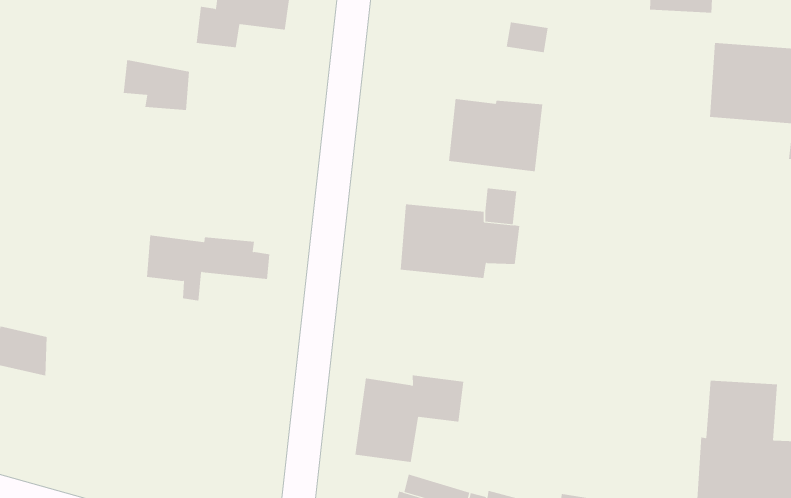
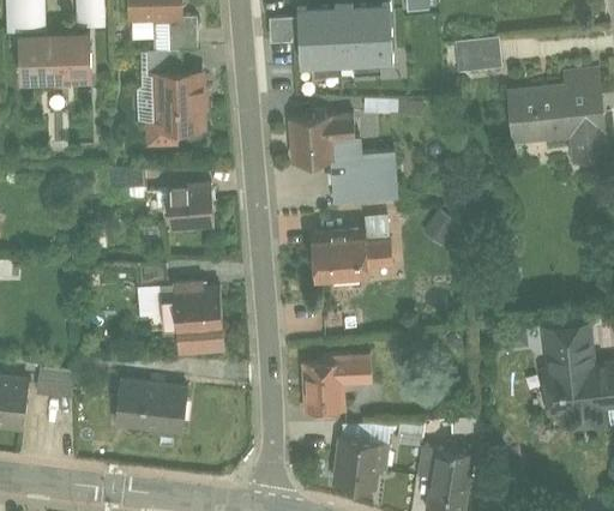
building: none -> [288,114,361,161]
building: none -> [168,180,215,230]
building: none -> [175,306,227,355]
building: none -> [115,379,188,438]

